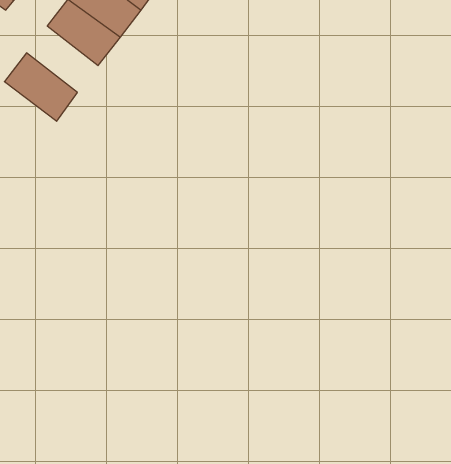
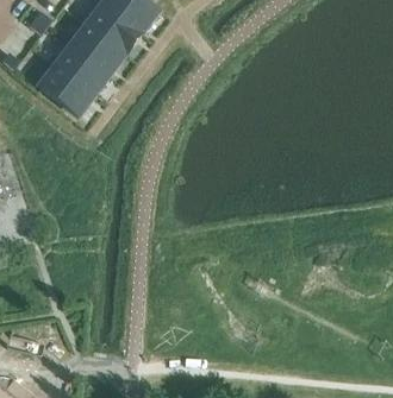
building: none -> [54,46,107,96]

